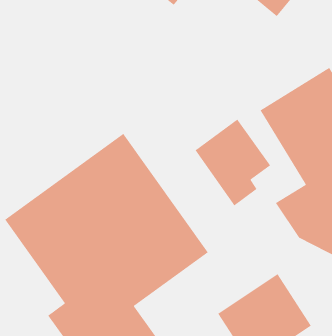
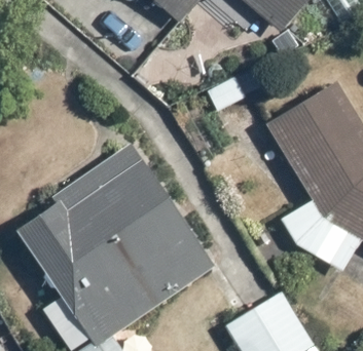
building: [194,119,271,206] -> none

